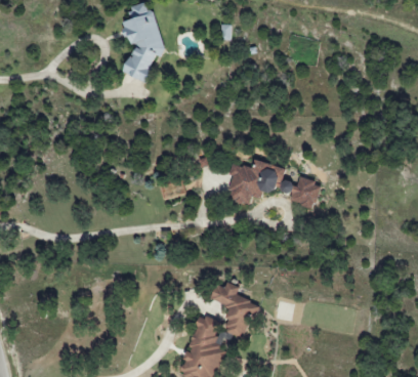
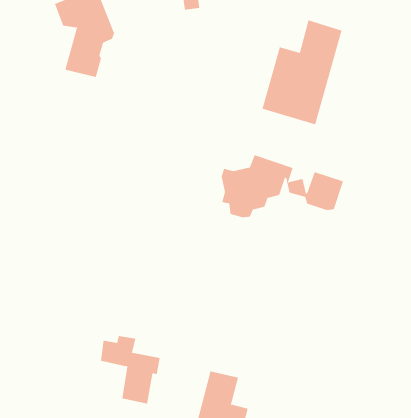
building: none -> [262,20,342,125]
building: [211,283,257,338] -> [100,335,160,404]

